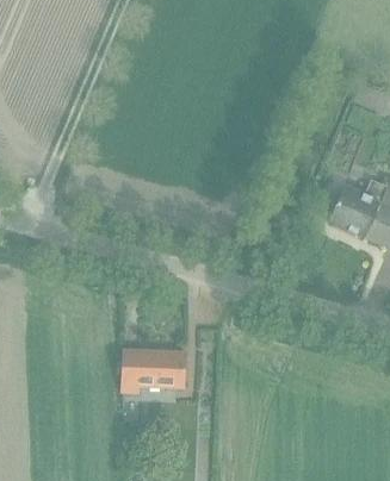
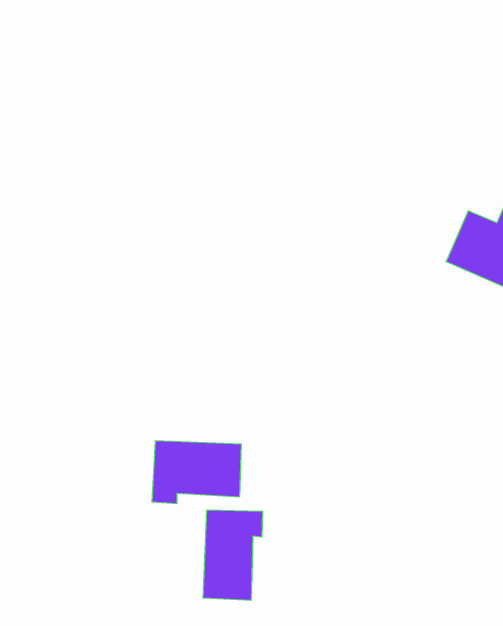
building: none -> [203,510,262,600]

